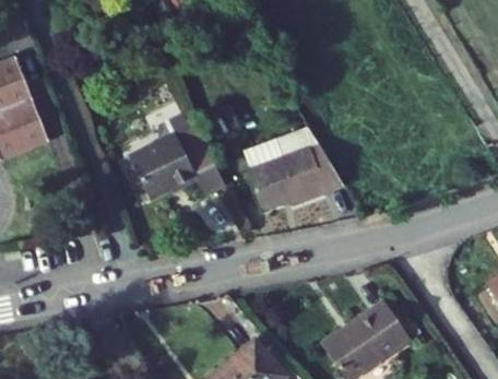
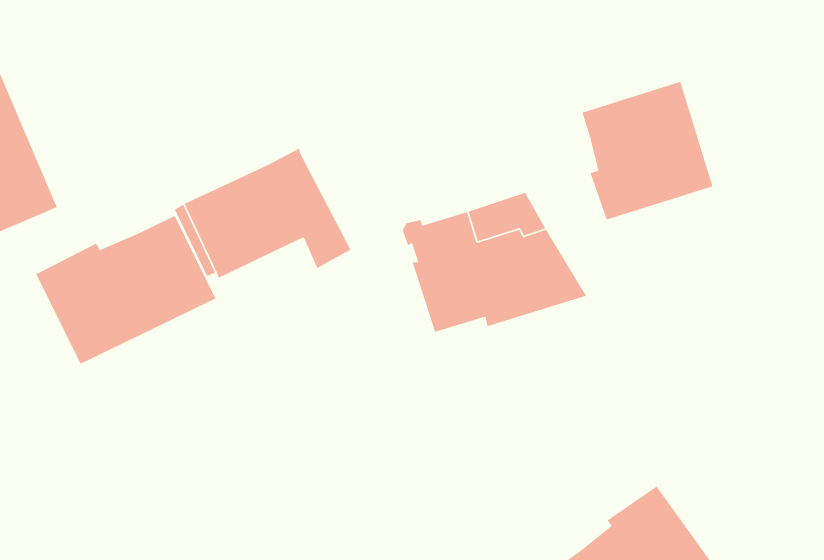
building: none -> [582,81,714,221]
building: none -> [35,215,217,365]

